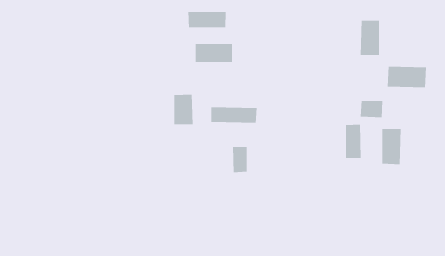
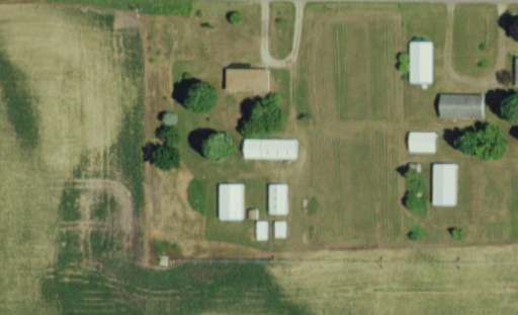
building: [188,11,226,28] -> none
building: [173,94,193,125] -> [218,184,240,219]
building: [346,124,361,159] -> none

